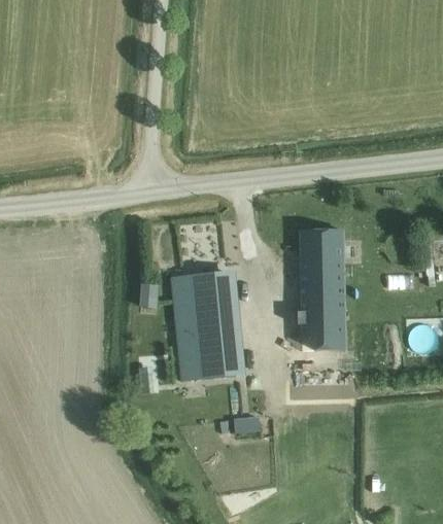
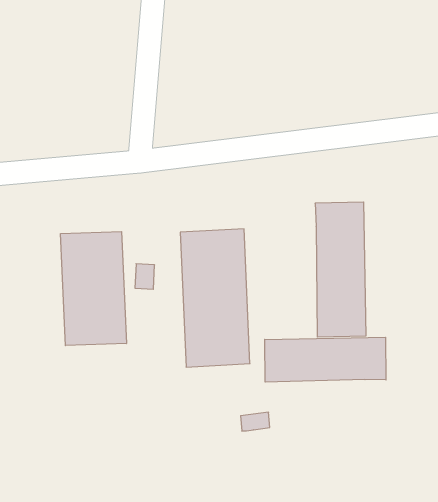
building: none -> [61,232,126,346]
building: none -> [265,337,386,382]

